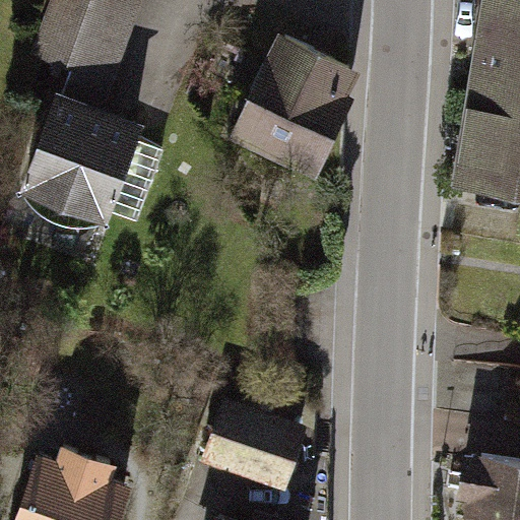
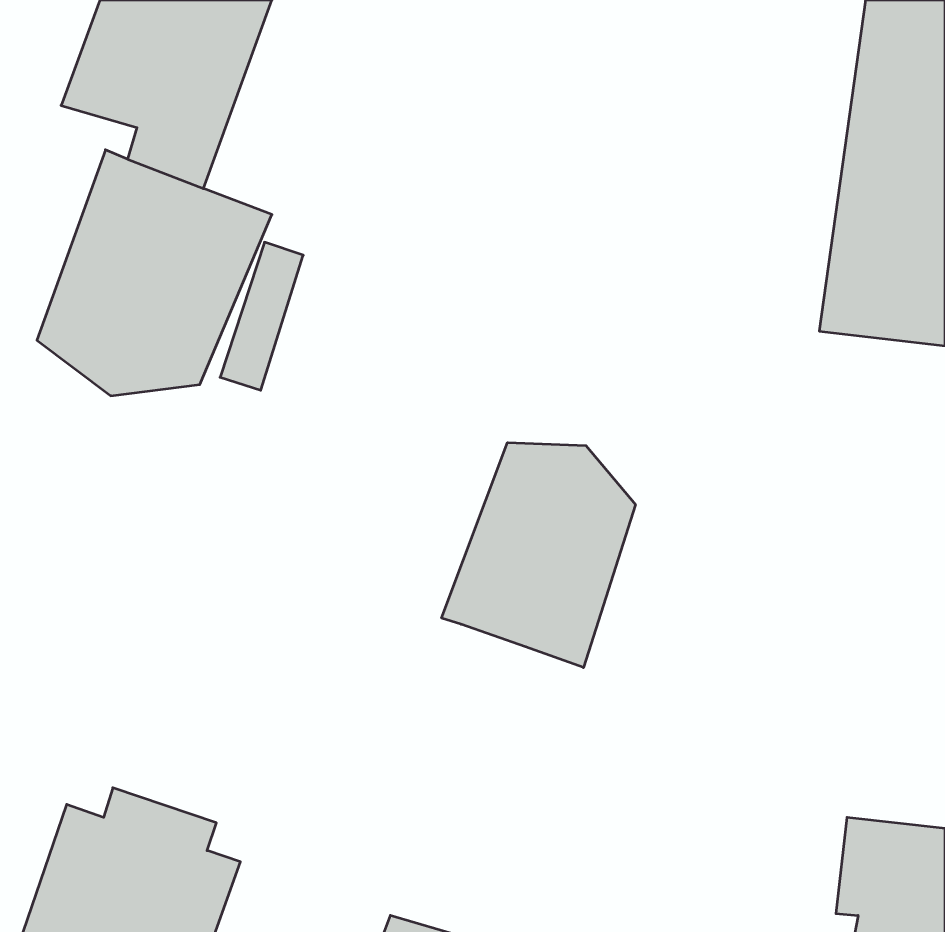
building: [231,39,354,177] -> none
building: none -> [442,443,635,668]
building: [203,400,312,491] -> none

